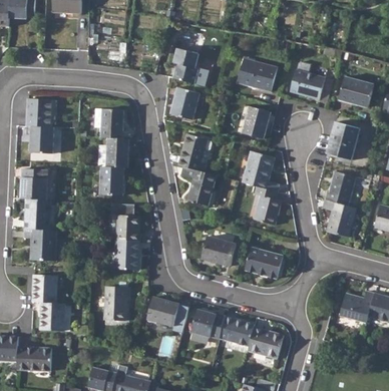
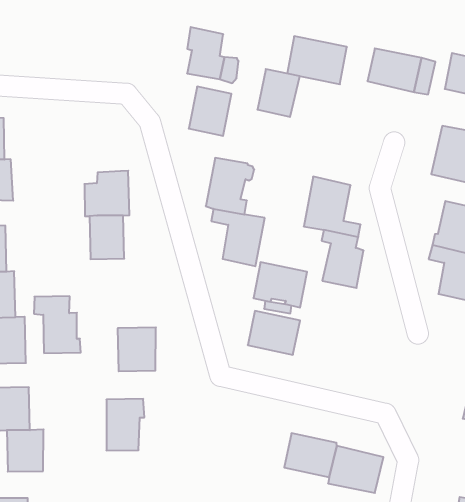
building: [242,106,271,138] -> [257,69,300,117]
building: [95,109,124,139] -> none
building: [112,205,141,243] -> [34,296,81,353]
building: [245,246,281,277] -> [253,262,307,308]
building: [148,297,189,332] -> none
building: [191,309,226,339] -> none

